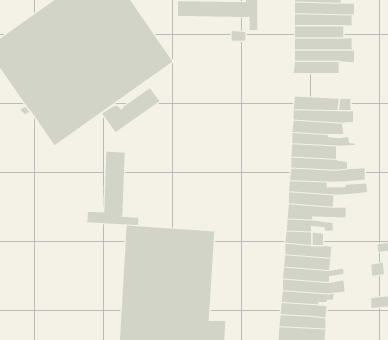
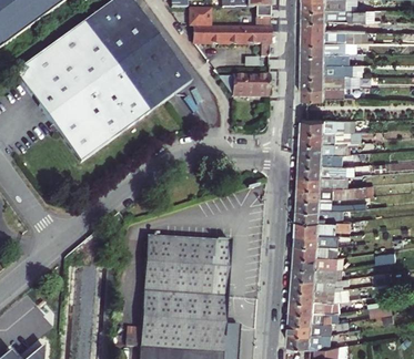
building: none -> [218,73,269,93]
building: [101,87,161,133] -> none
building: [87,151,139,226] -> none

